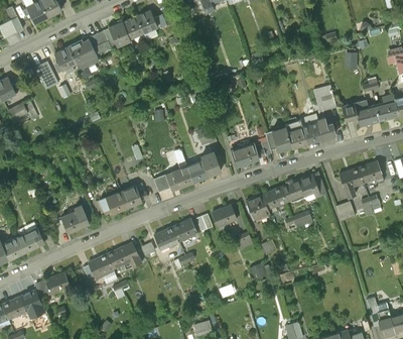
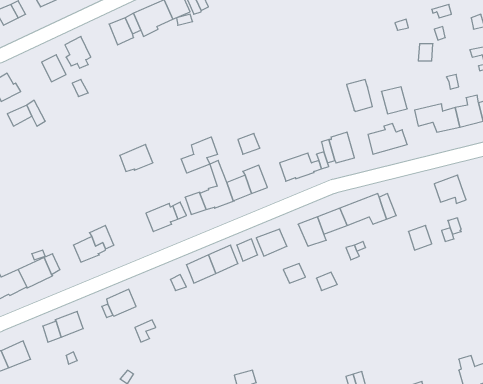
building: [68,38,99,70] -> none
building: [286,120,307,146] -> [347,80,372,111]
building: none -> [181,137,218,173]
building: [339,166,363,196] -> none
building: [100,191,127,213] -> [120,144,153,171]
building: [107,242,142,267] -> none
building: [20,290,44,317] -> none

